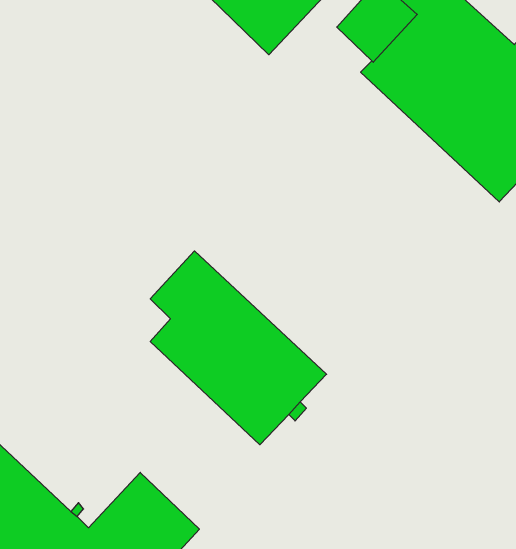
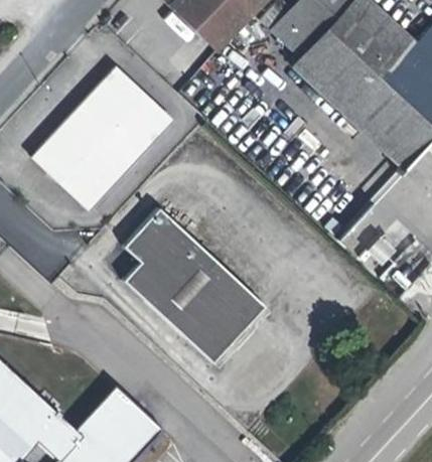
building: none -> [30,66,171,208]

